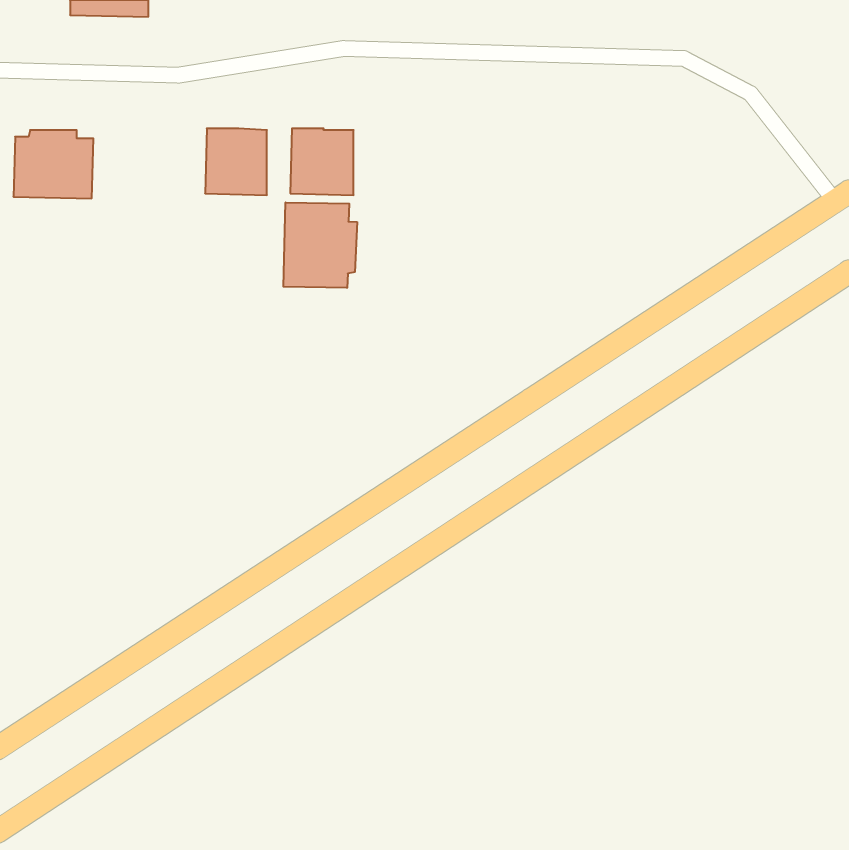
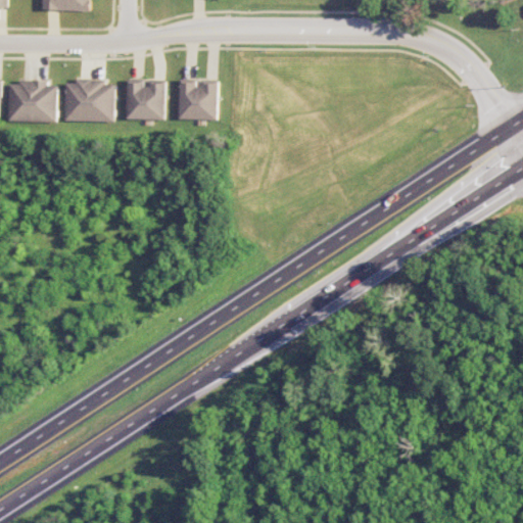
building: none -> [65,79,113,123]
building: [283,202,357,288] -> none

